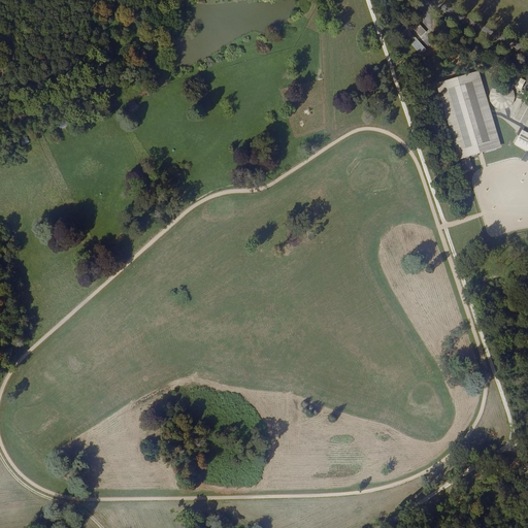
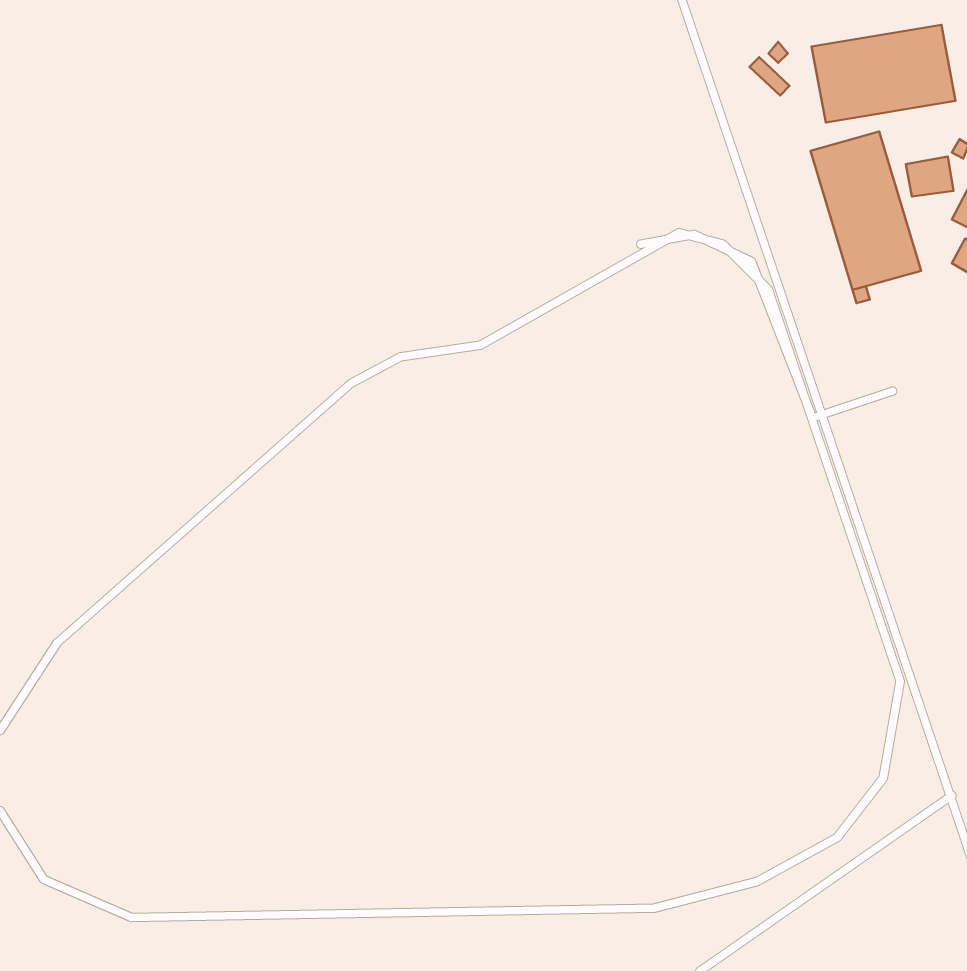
building: none -> [812,25,956,123]

